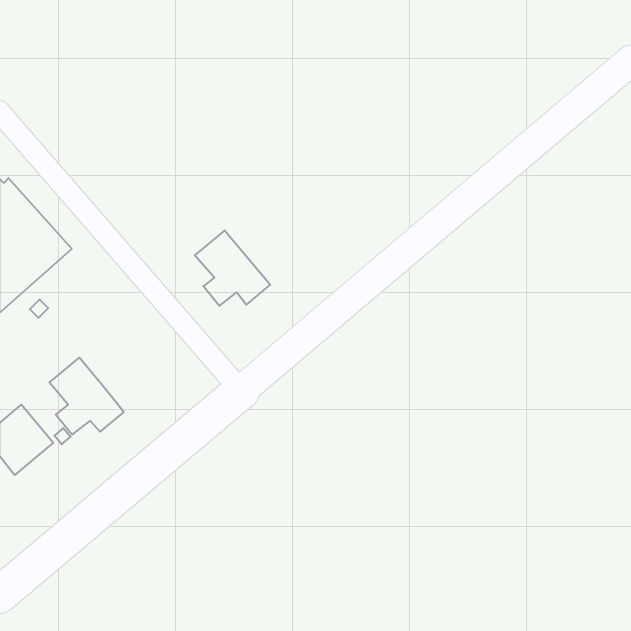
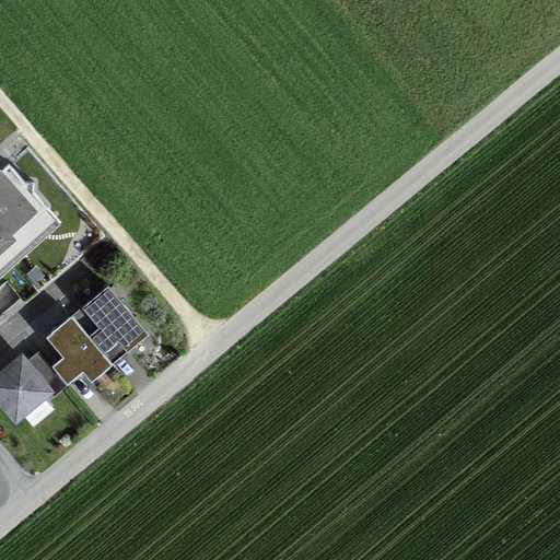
building: [195,230,270,306] -> [79,288,145,354]

